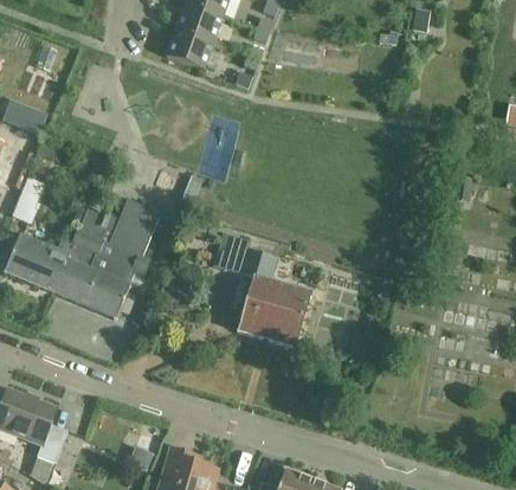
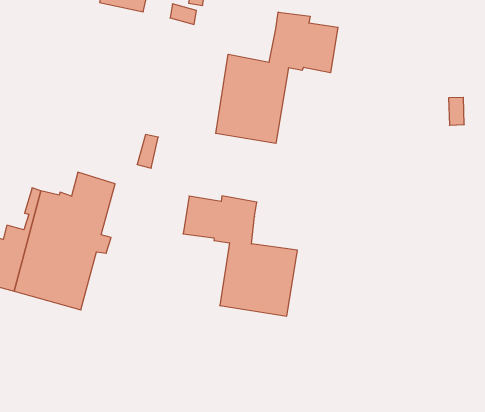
building: none -> [216,12,338,143]

